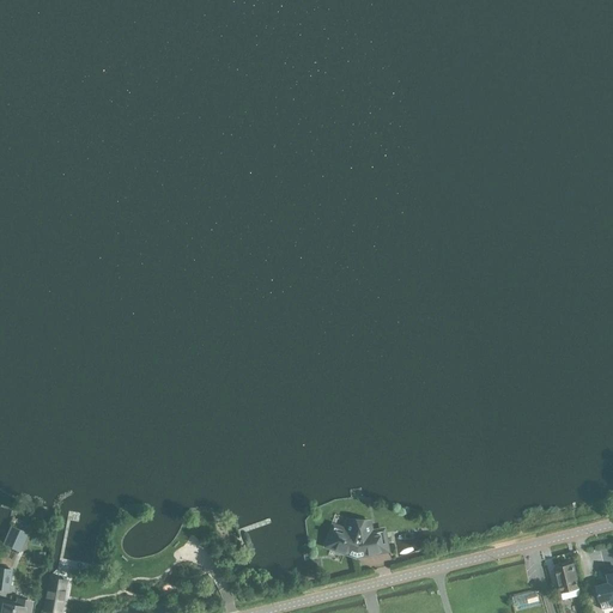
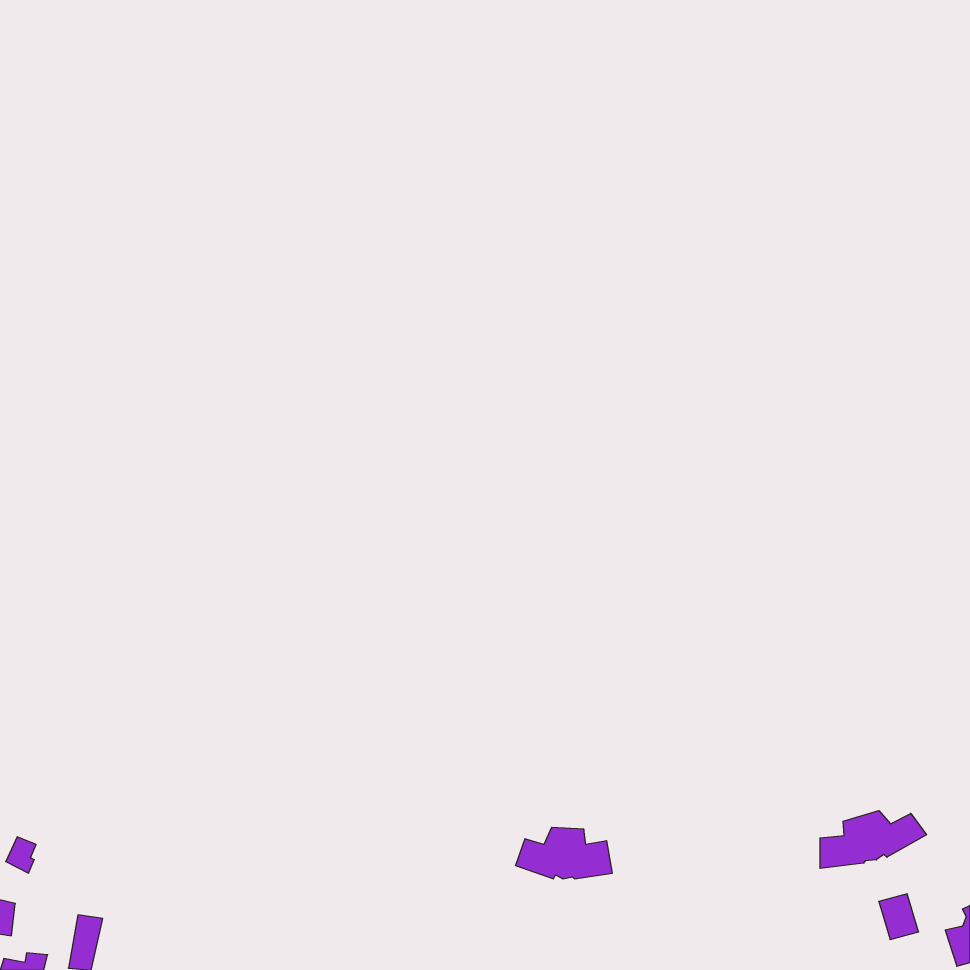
building: none -> [820,811,927,868]

